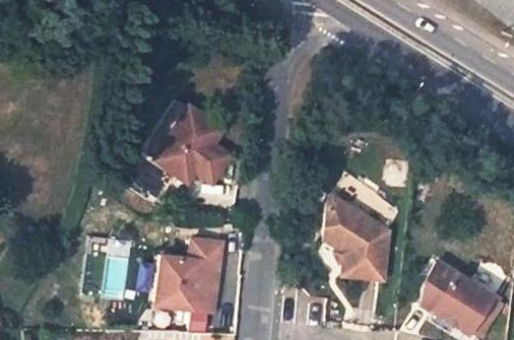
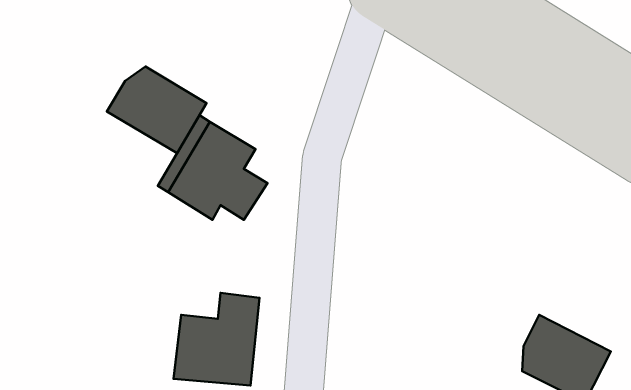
building: none -> [107,66,207,153]
building: [322,195,386,279] -> none

